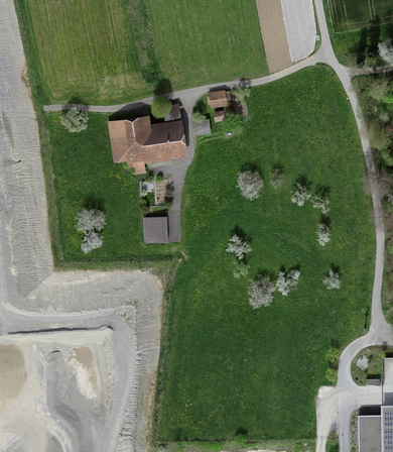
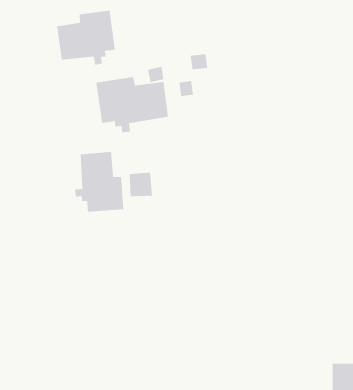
building: none -> [57,10,115,66]
building: none -> [74,151,124,213]

